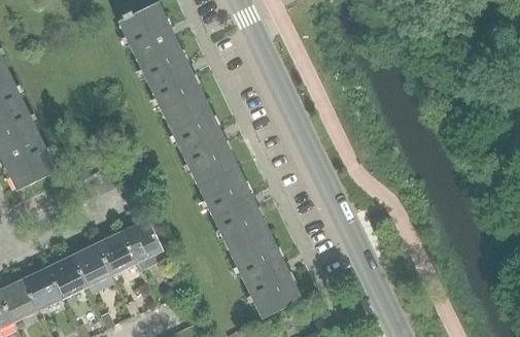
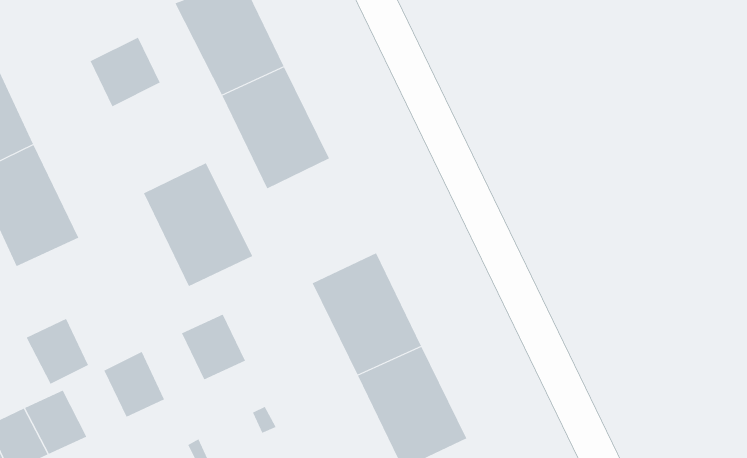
building: none -> [90,37,160,107]
building: [176,121,246,200] -> [143,162,253,287]
building: [97,232,136,274] -> none
building: [46,256,86,298] -> [26,318,89,384]

